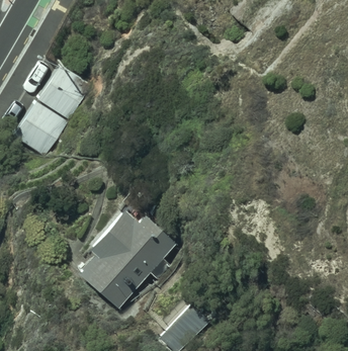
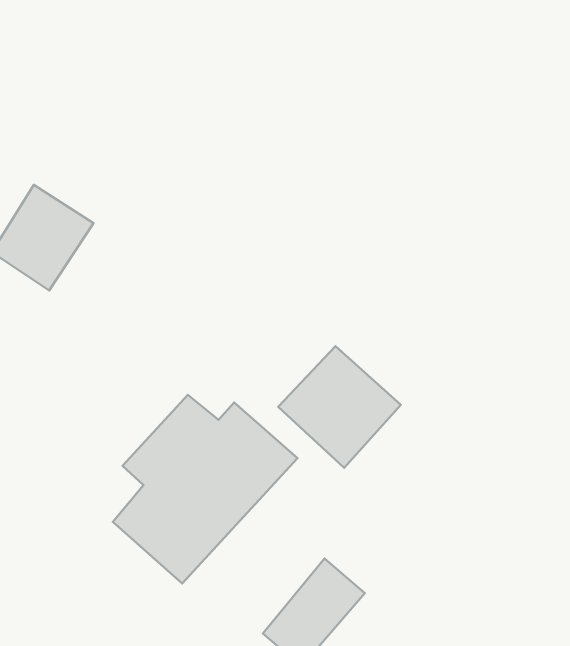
building: [37,66,91,120] -> none
building: none -> [278,346,401,468]

